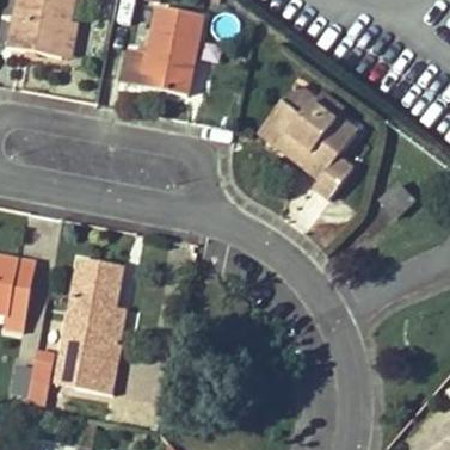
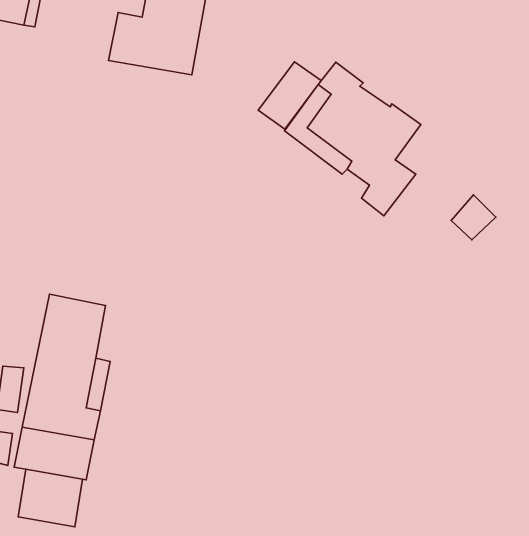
building: none -> [258,62,321,129]
building: none -> [18,469,83,527]

